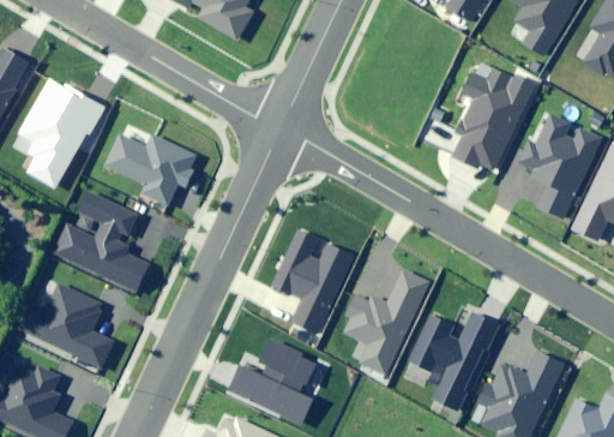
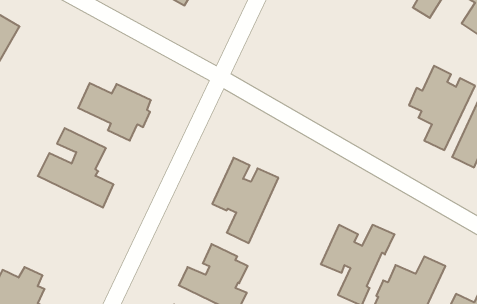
building: [451,70,538,173] -> none
building: [19,78,106,188] -> none
building: [344,270,429,375] -> none
building: [26,285,114,367] -> none

